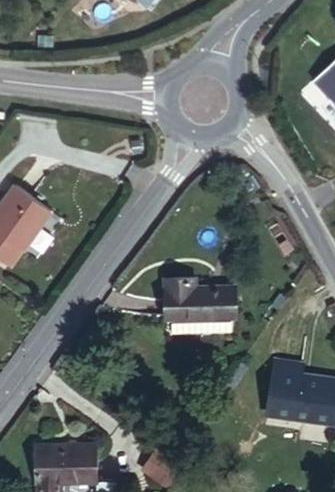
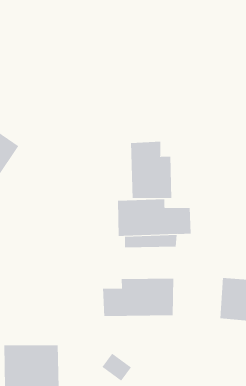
building: none -> [130,141,172,199]
building: none -> [103,278,174,317]

